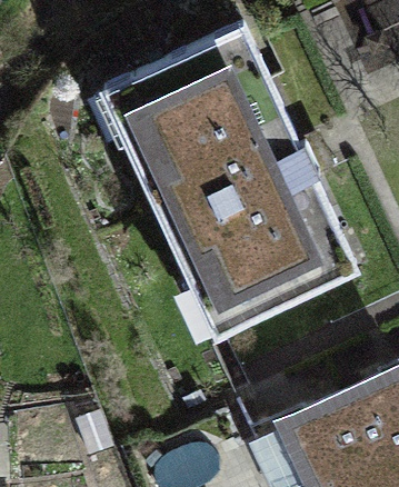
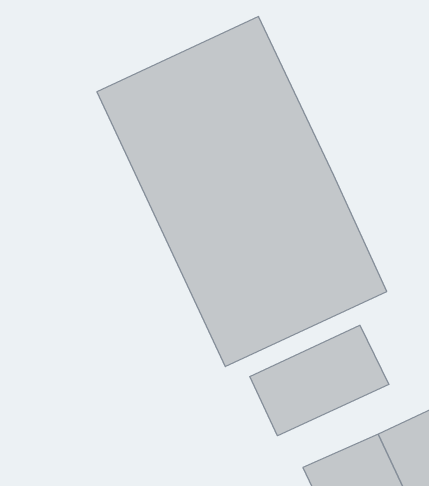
building: none -> [250,325,389,436]

